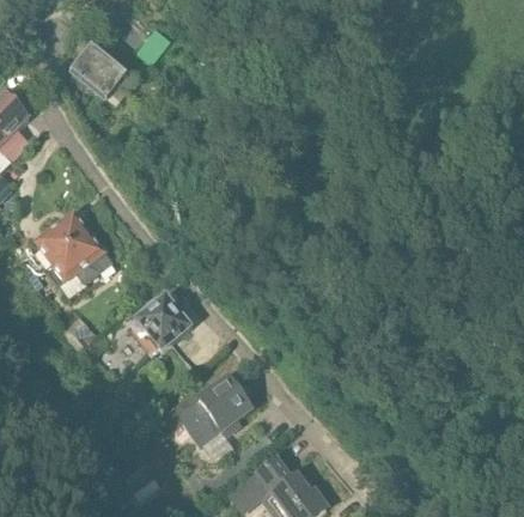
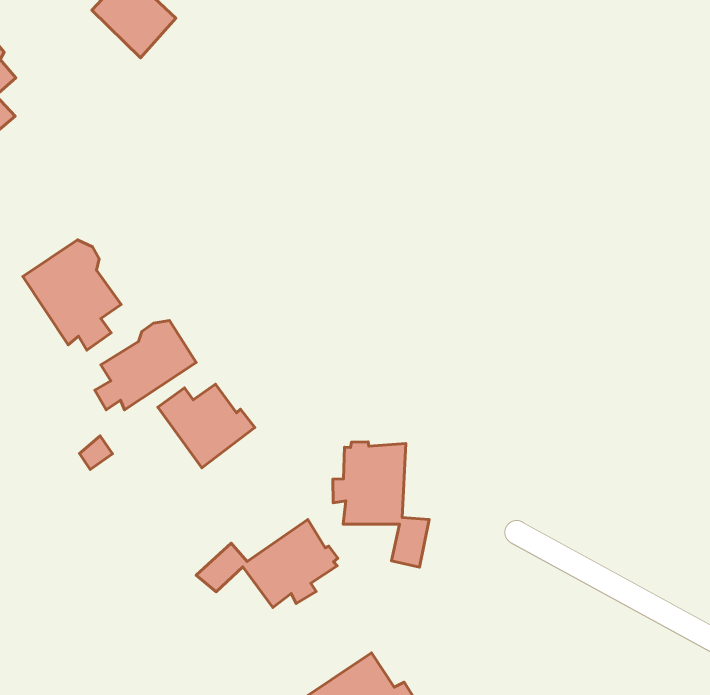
building: none -> [95,321,196,410]
building: none -> [333,442,429,567]

